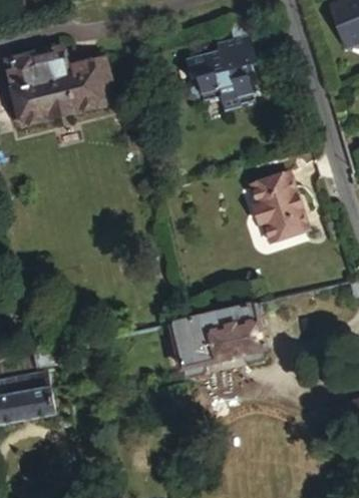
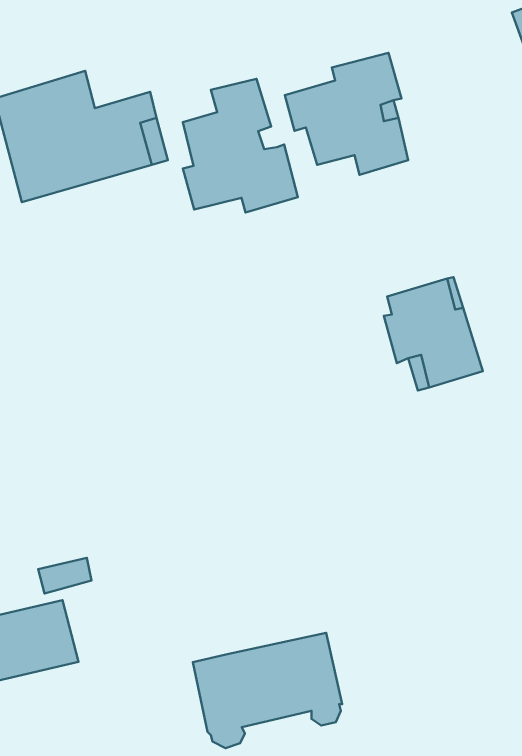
building: none -> [183,79,298,213]
building: [170,303,263,374] -> [193,633,342,748]

